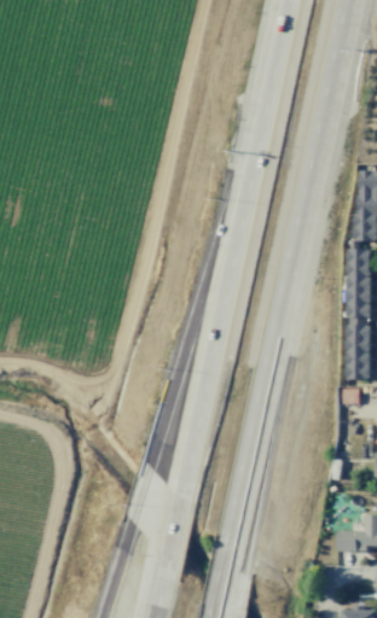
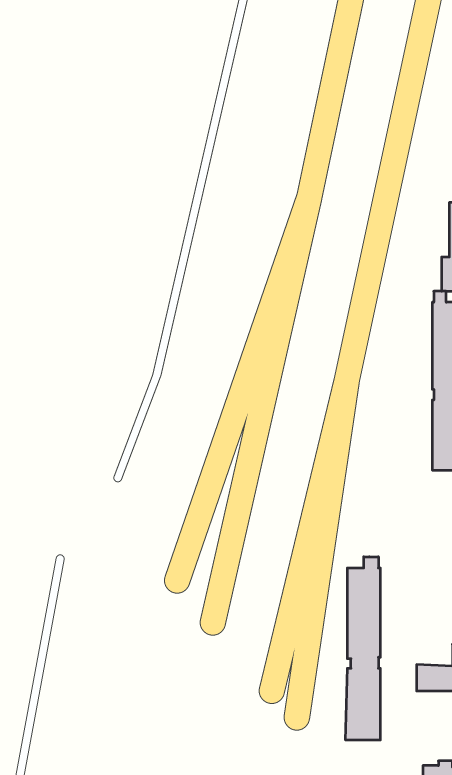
building: none -> [346,557,380,740]

